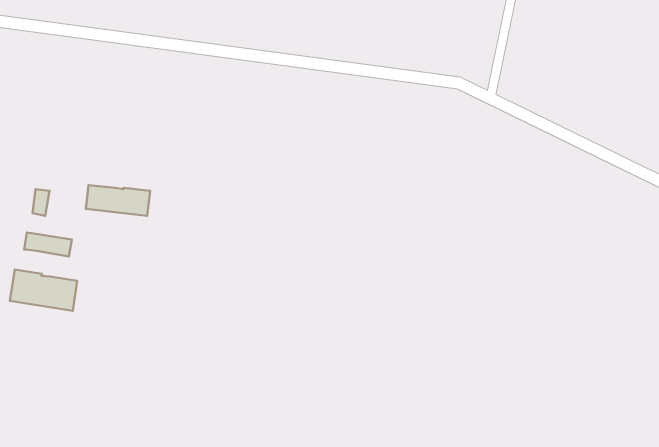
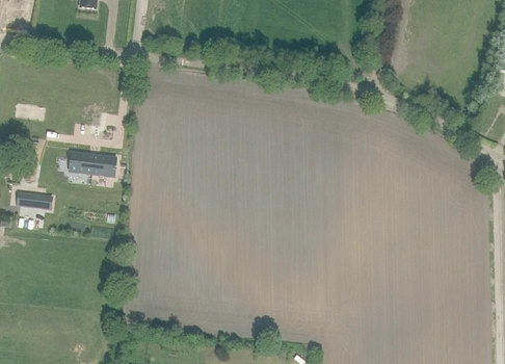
building: [10,269,77,311] -> none

